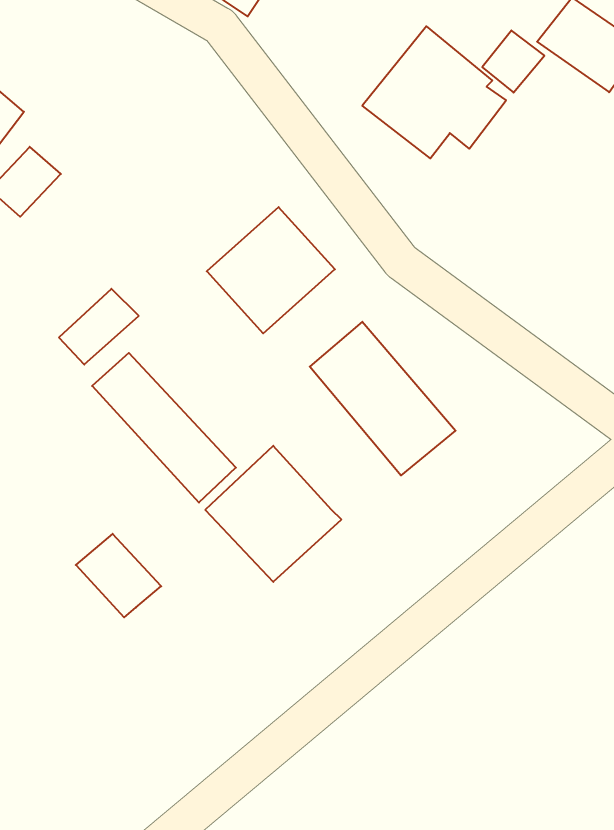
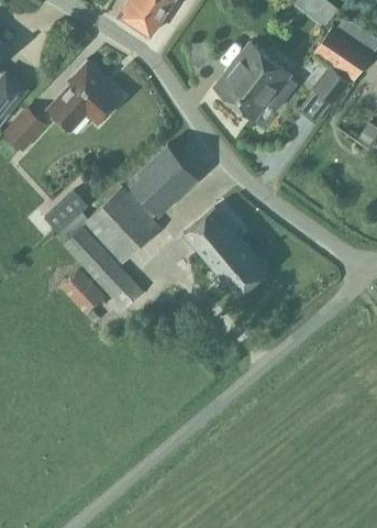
building: [482,30,544,93] -> [314,67,350,102]
building: none -> [47,62,122,132]
building: [205,446,341,582] -> [85,187,162,264]
building: [76,534,161,617] -> [59,270,108,317]

